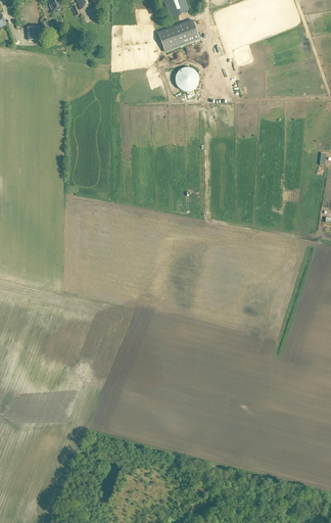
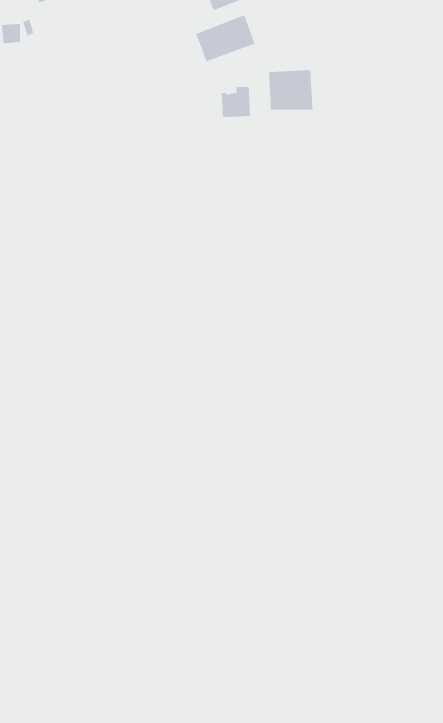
building: none -> [268,69,313,111]

